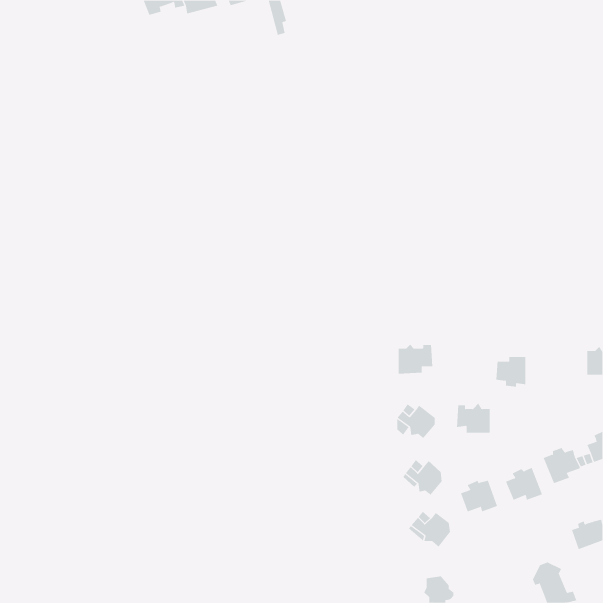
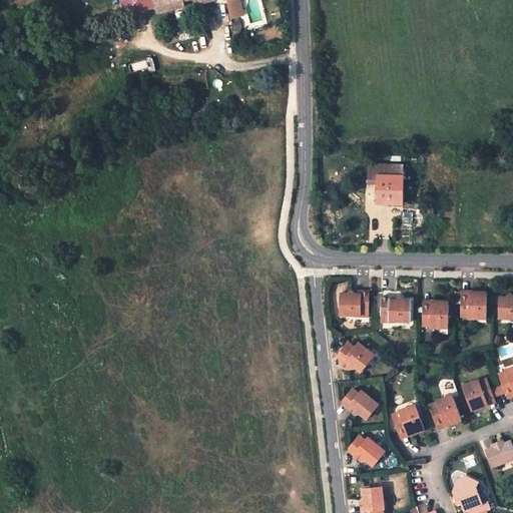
building: none -> [371,167,405,205]
building: none -> [459,293,485,319]
building: [456,403,490,433] -> [380,296,409,322]

